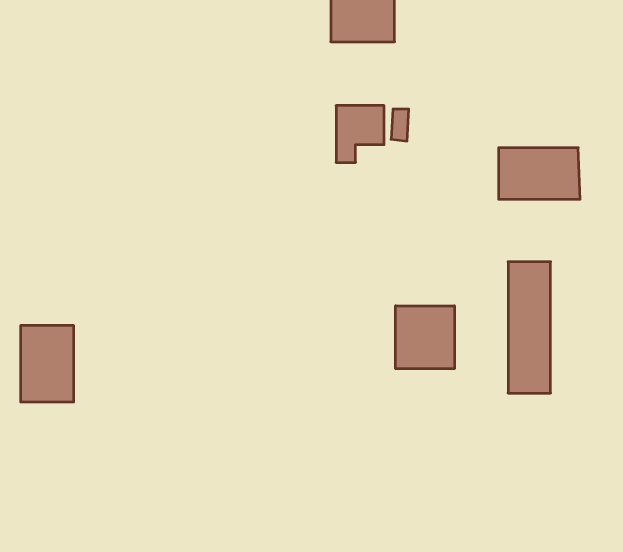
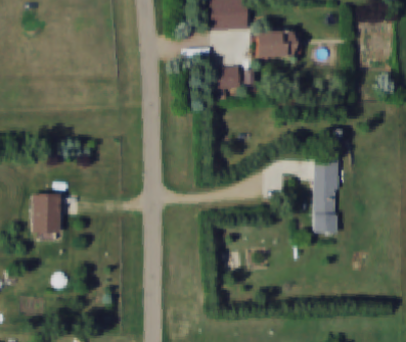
building: [499,148,580,199] -> [256,31,303,60]
building: [396,306,454,369] -> none

